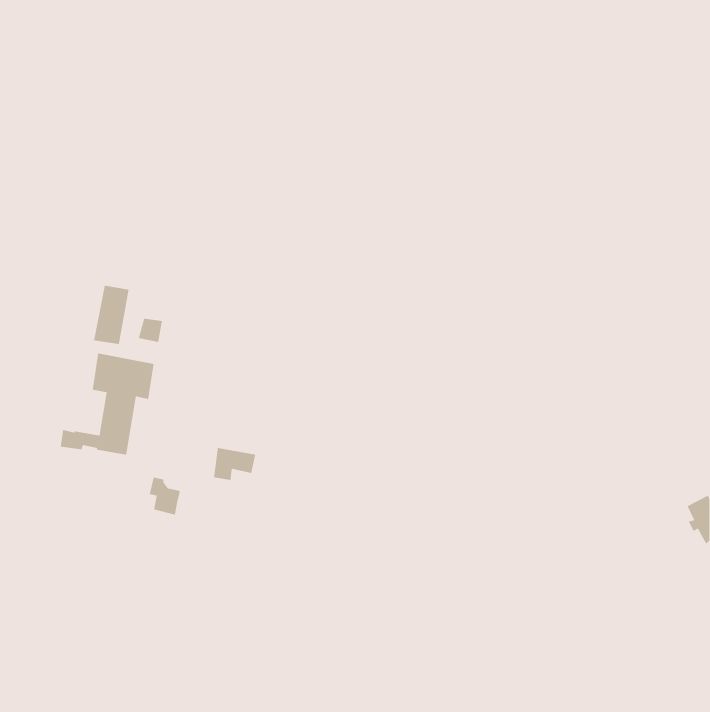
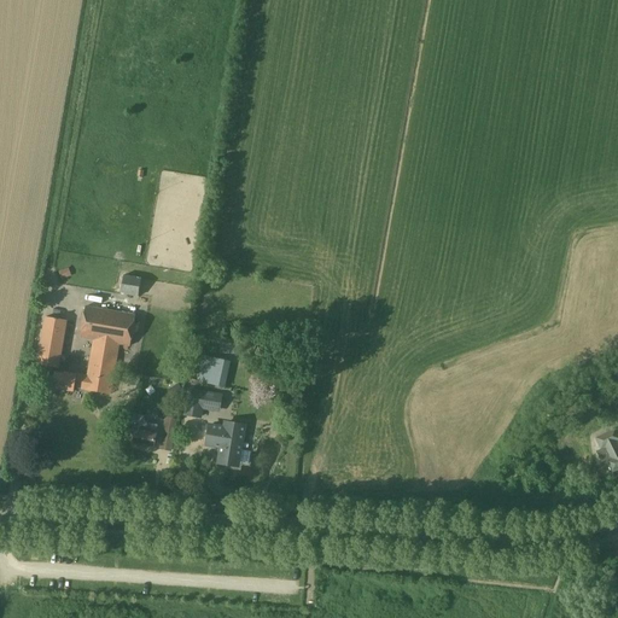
building: [93,285,129,345] -> [35,316,66,368]
building: none -> [197,356,229,387]
building: none -> [205,422,245,466]

